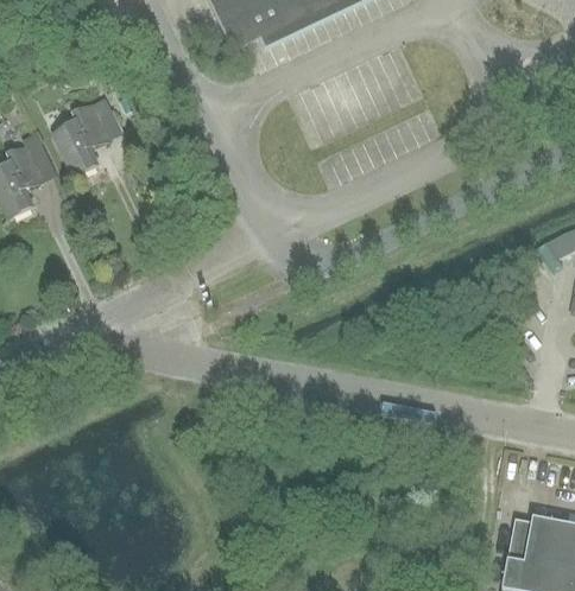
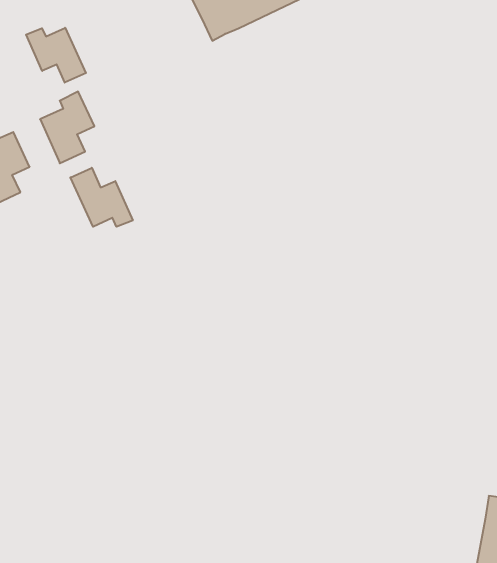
building: none -> [26,28,86,83]
building: none -> [70,168,133,227]

